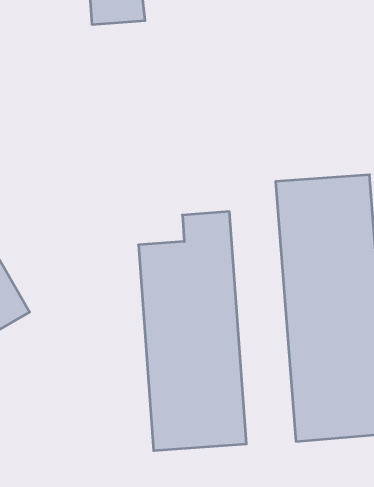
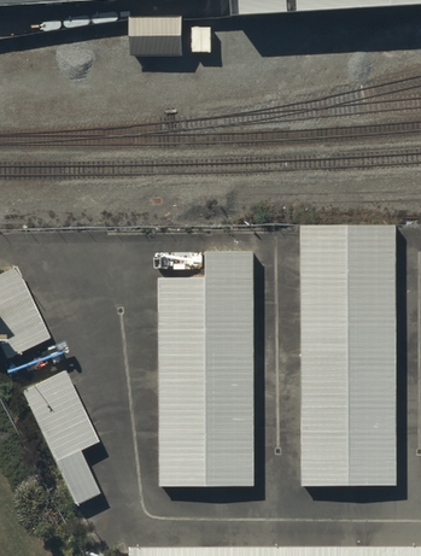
building: none -> [21,369,98,503]

